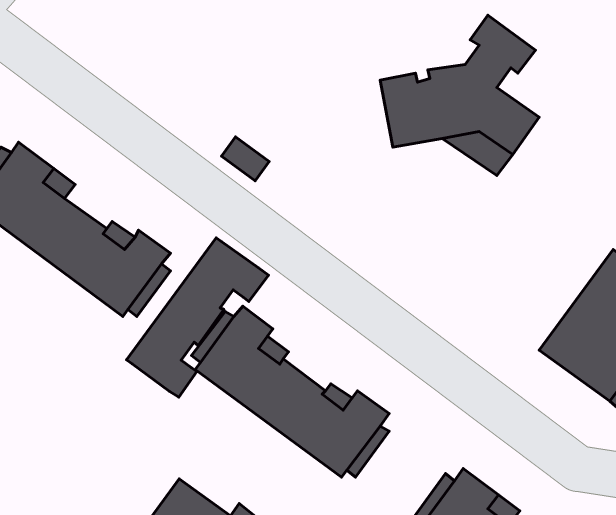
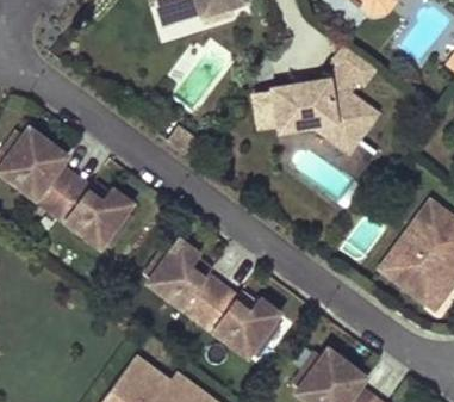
building: [126,238,268,397] -> none

